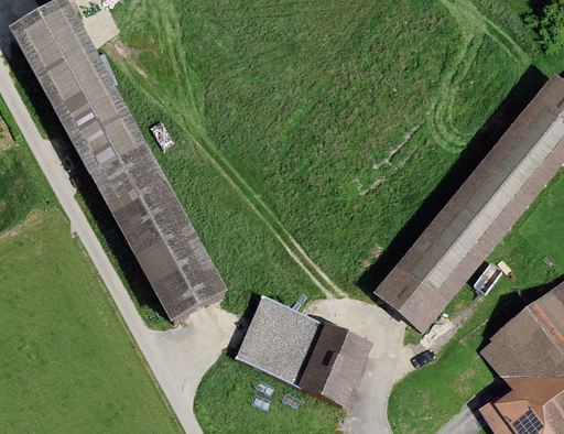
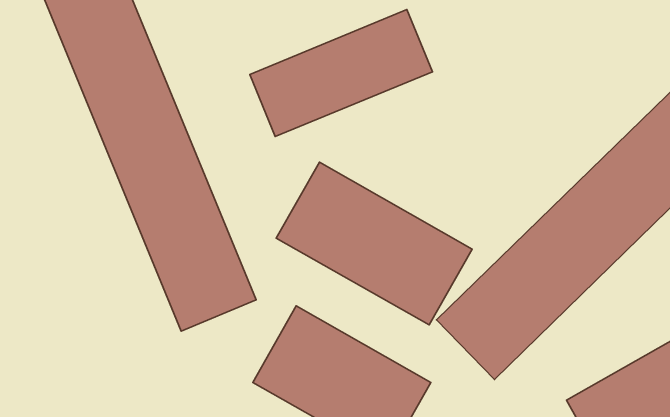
building: none -> [250,10,433,136]
building: none -> [276,162,472,325]

